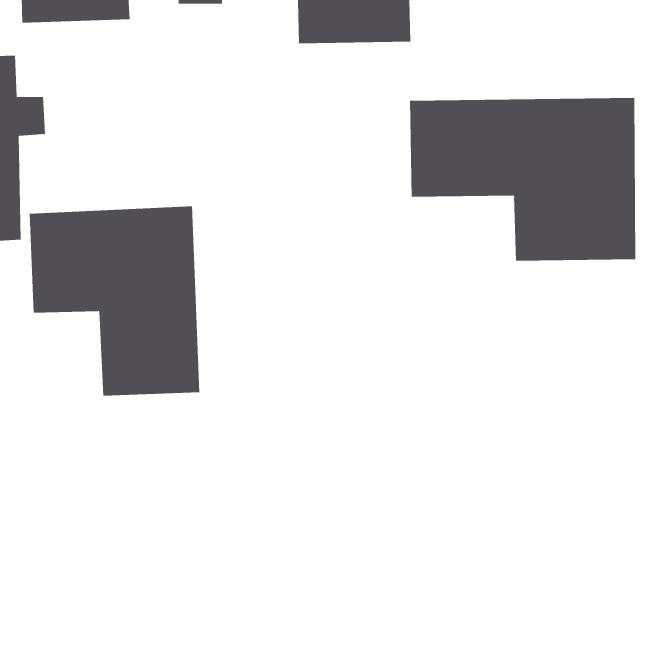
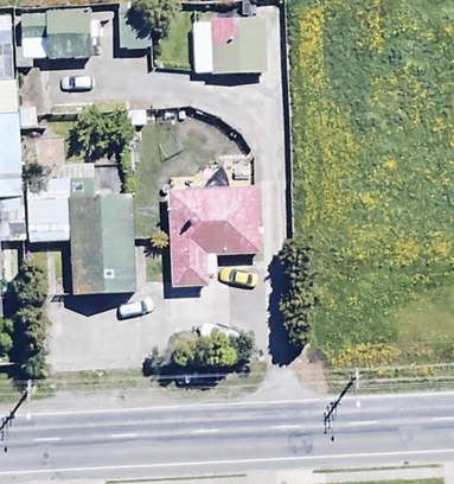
building: [410,97,636,262] -> none
building: none -> [168,185,256,285]

